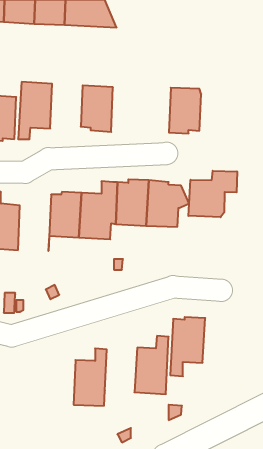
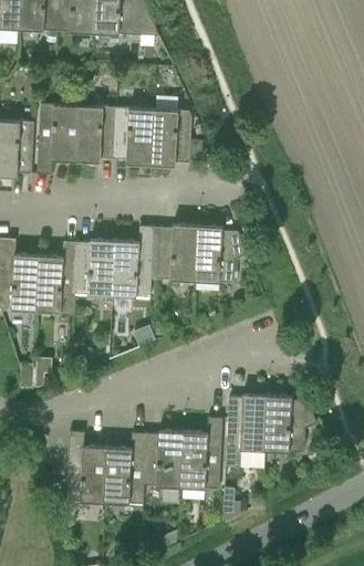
building: none -> [76,106,116,163]
building: [169,88,201,133] -> [152,111,191,167]
building: [188,171,237,217] -> none
building: none -> [37,242,77,313]
building: none -> [264,396,316,453]
building: none -> [144,431,184,488]
building: none -> [66,432,107,503]

